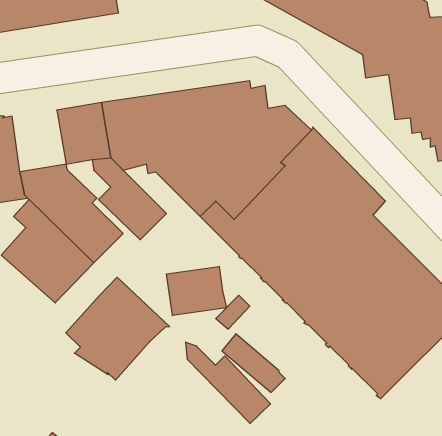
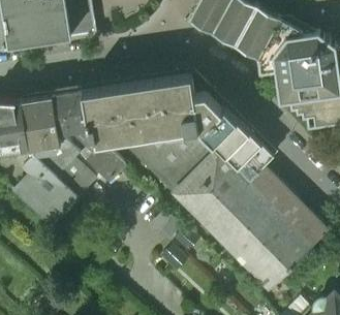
building: none -> [22,96,58,137]
building: [167,266,226,316] -> none
building: [66,277,170,380] -> none
building: [186,342,270,424] -> none

